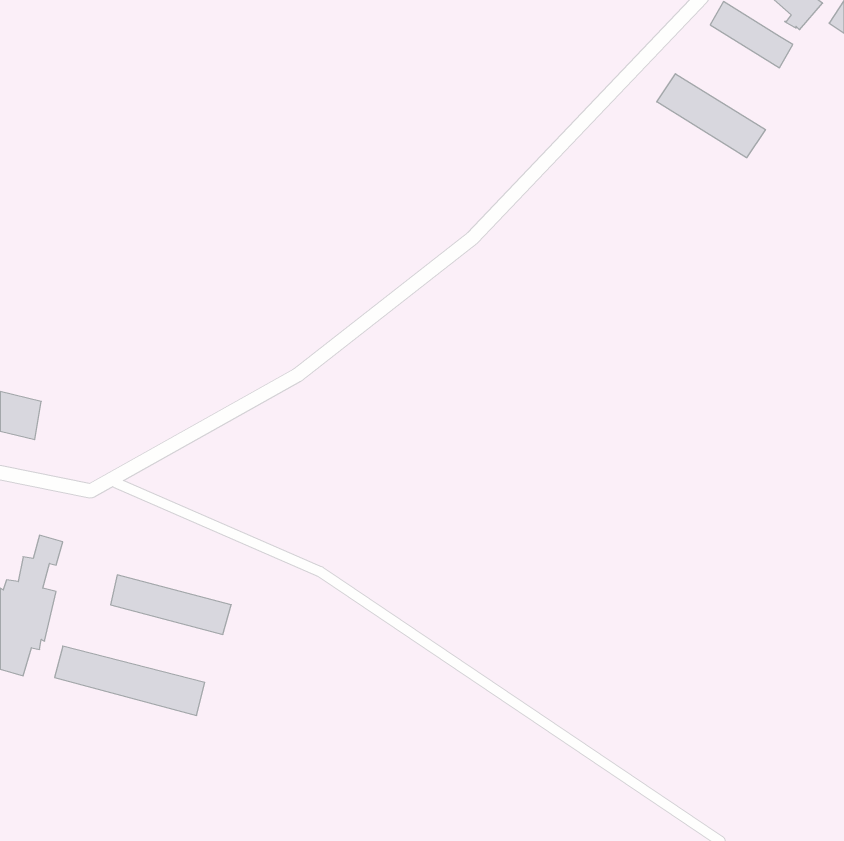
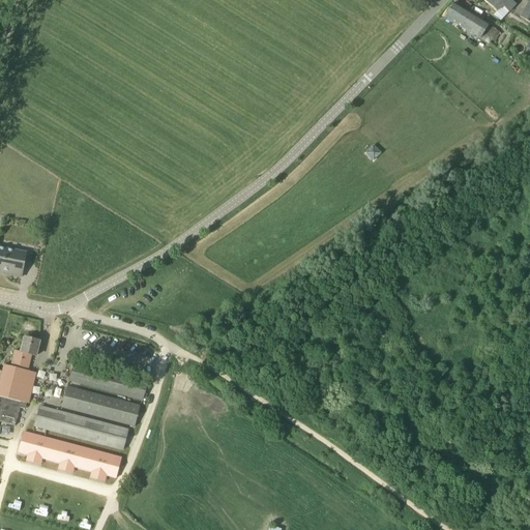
building: [657,74,765,158] -> none
building: none -> [62,385,140,424]
building: none -> [19,431,121,476]

